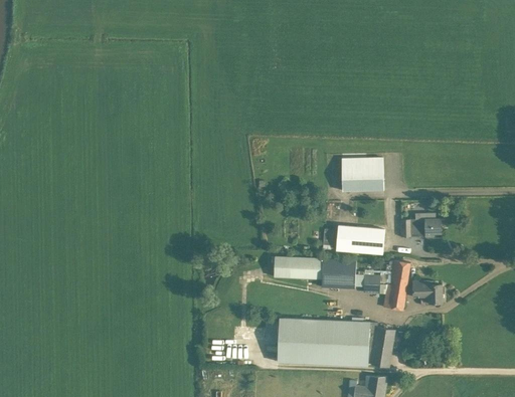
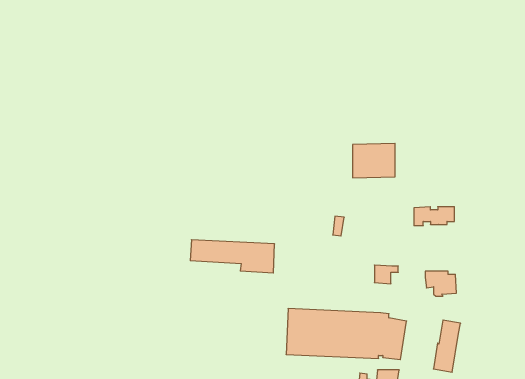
building: [337,219,384,247] -> none
building: [274,256,355,288] -> [190,240,275,273]
building: [384,260,410,311] -> [433,320,461,372]

